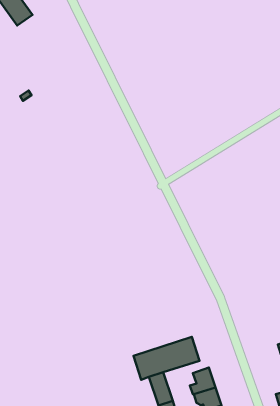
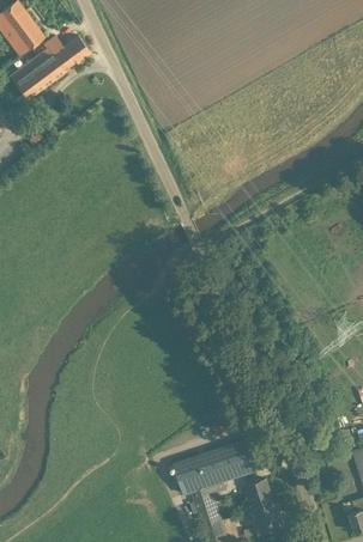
building: none -> [8,35,89,98]

